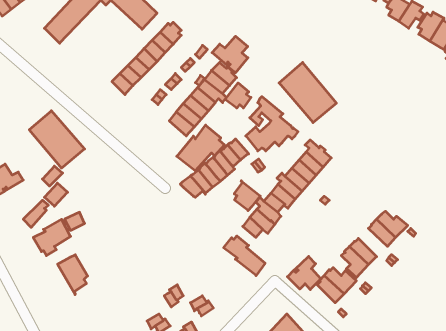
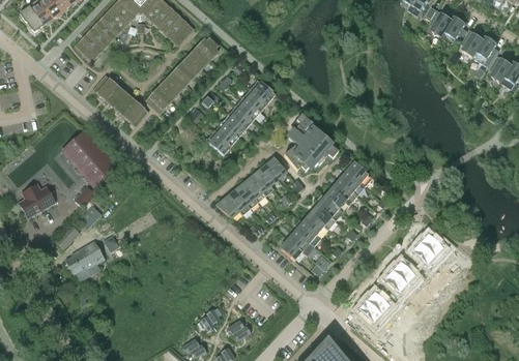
building: [212,36,248,73] -> none
building: none -> [93,76,147,125]
building: [279,62,336,123] -> none
building: [225,83,251,108] -> none
building: [177,125,224,171] -> none
building: [234,181,260,211] -> none
building: [224,236,265,276] -> none
building: [58,255,88,295] -> none
building: [287,256,321,290] -> none

